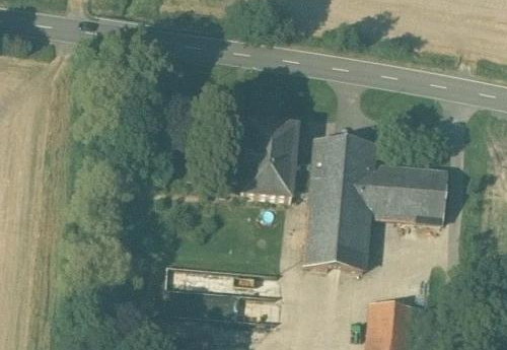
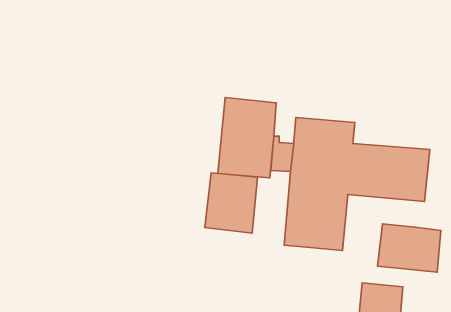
building: none -> [205,173,258,233]
building: none -> [378,224,441,272]

